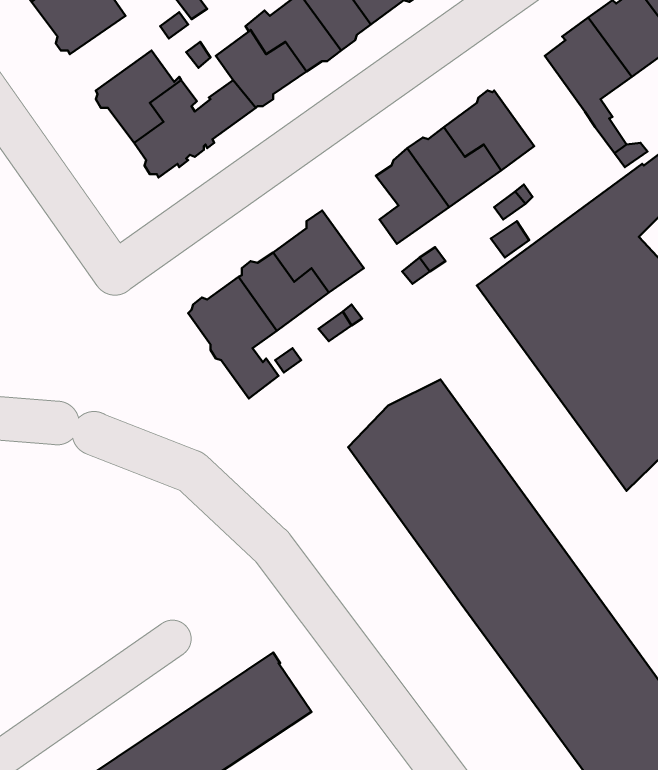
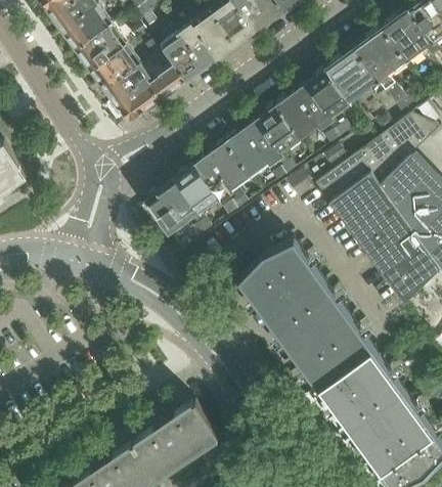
building: none -> [75,28,123,72]
building: none -> [324,49,384,104]
building: none -> [223,122,268,176]

